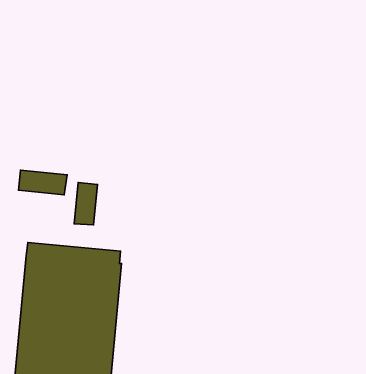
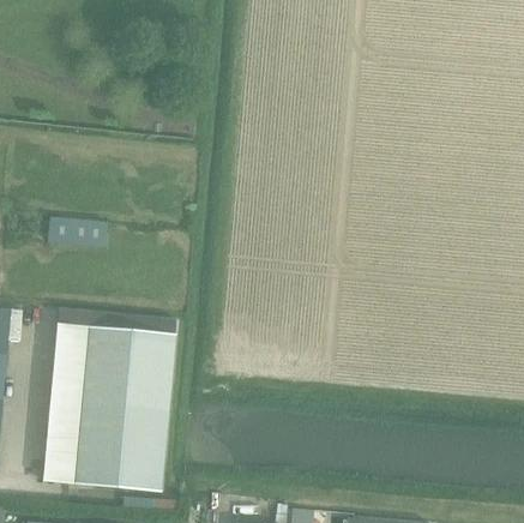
building: [74,183,97,225] -> none

